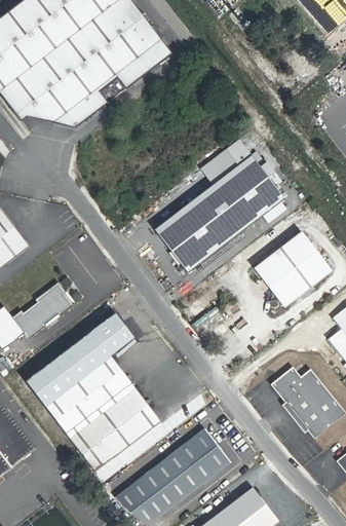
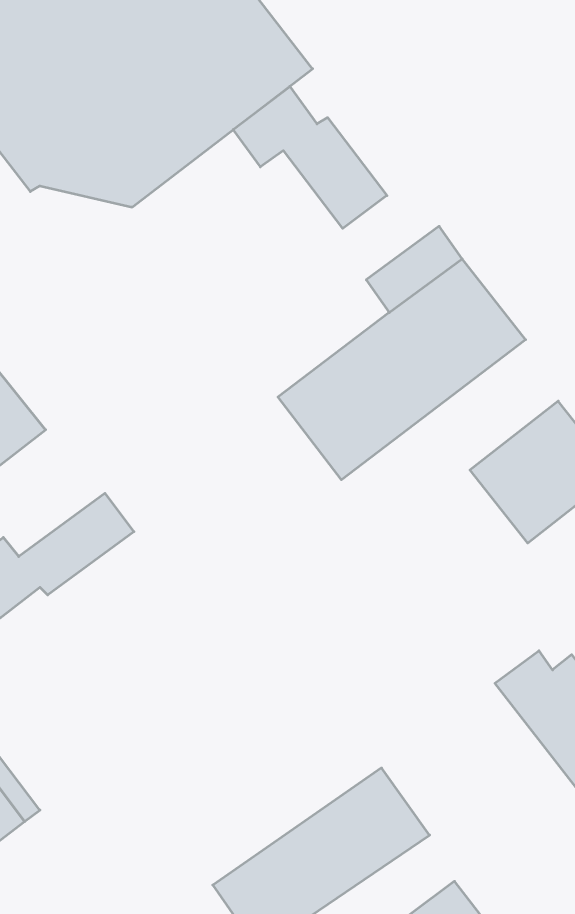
building: none -> [233,86,387,228]
building: [25,311,161,473] -> none

